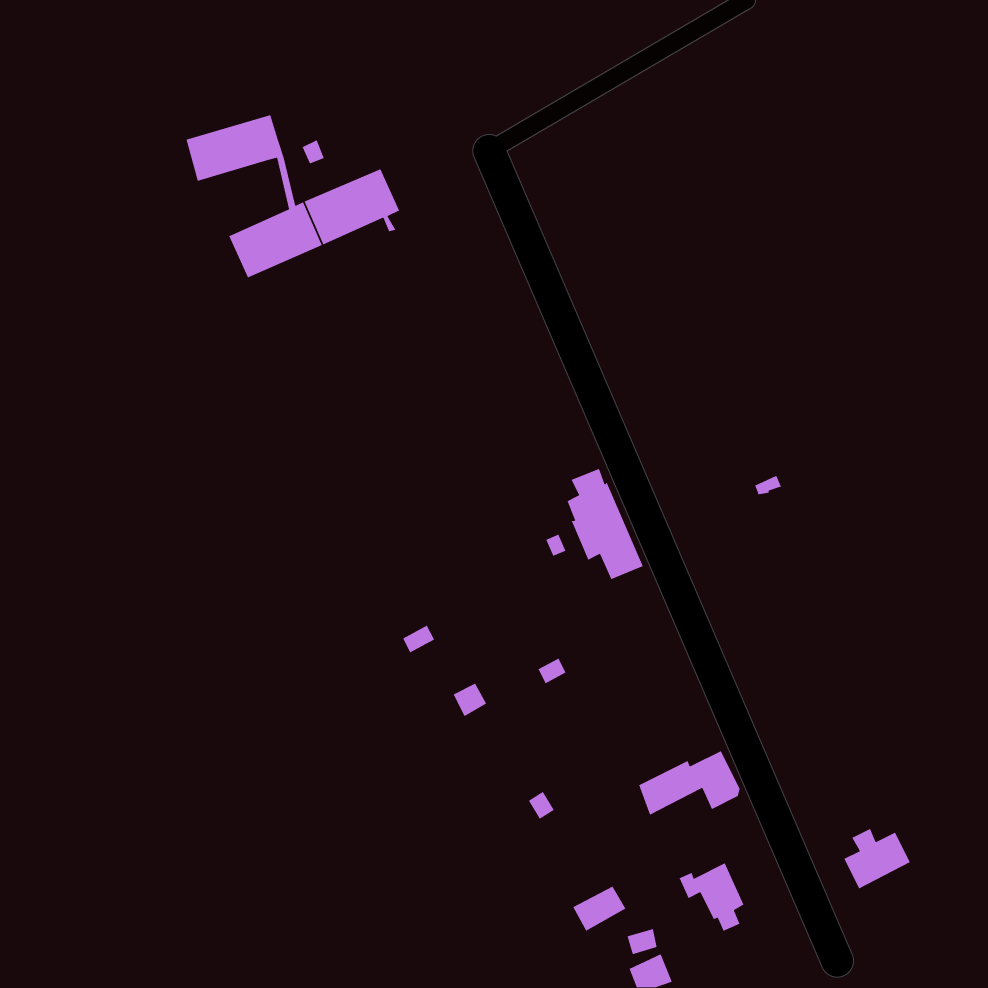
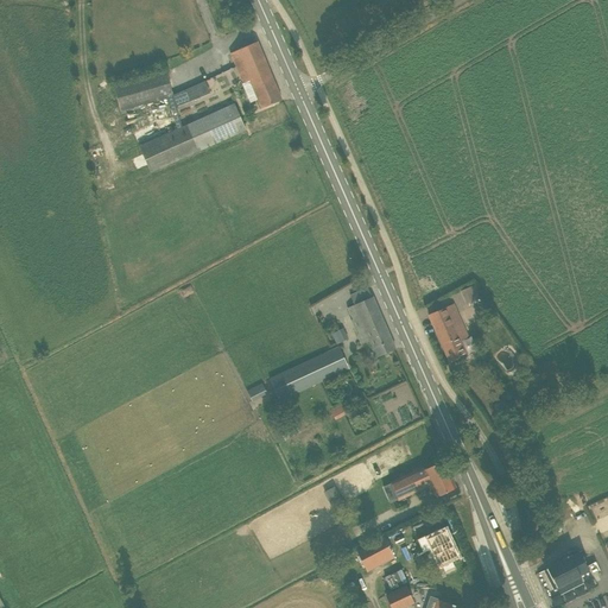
building: none -> [230,42,281,108]
building: none -> [429,305,468,362]
building: none -> [271,346,349,400]
building: [843,828,911,890] -> [547,550,589,588]

